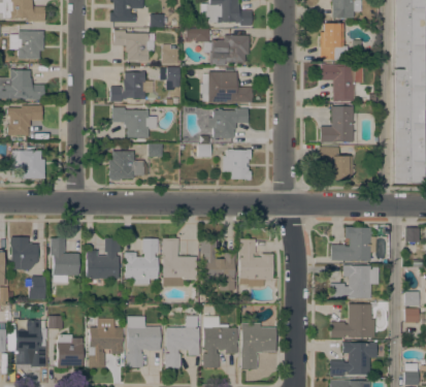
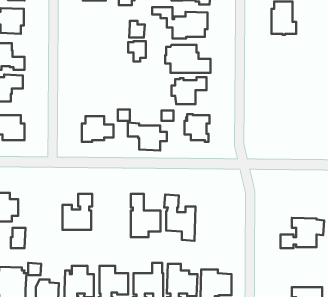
building: [114,31,155,62] -> none
building: [321,64,362,102] -> none
building: [111,72,154,102] -> none
building: [321,106,354,142] -> none
building: [113,107,157,138] -> [128,123,167,150]
building: [320,148,353,180] -> none
building: [331,225,379,261] -> none
building: [52,238,79,283] -> none
building: [125,239,159,285] -> none
building: [240,239,273,287] -> none
building: [331,304,375,338] -> none

